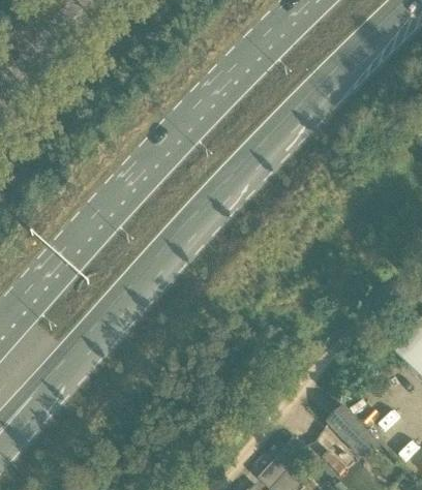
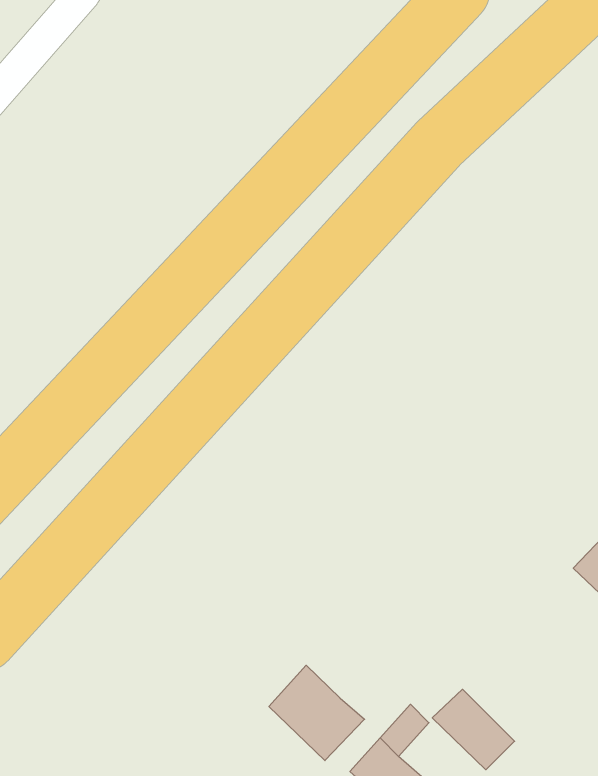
building: [327,406,380,459] -> none
building: none -> [269,665,365,761]

